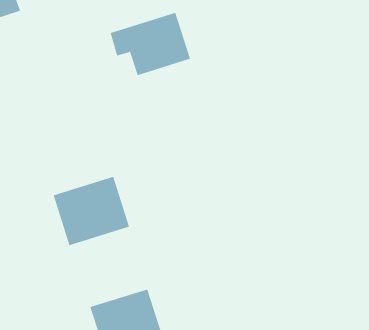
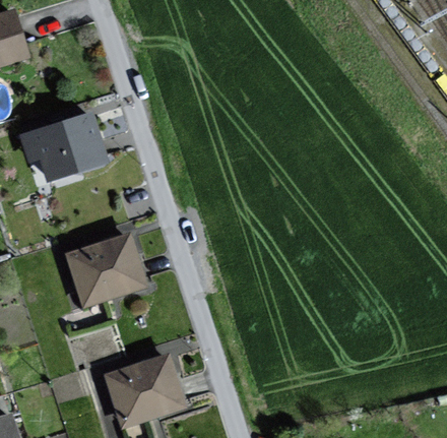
building: [110,12,191,76] -> [21,112,109,181]

